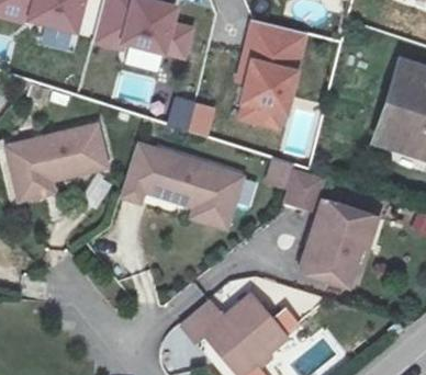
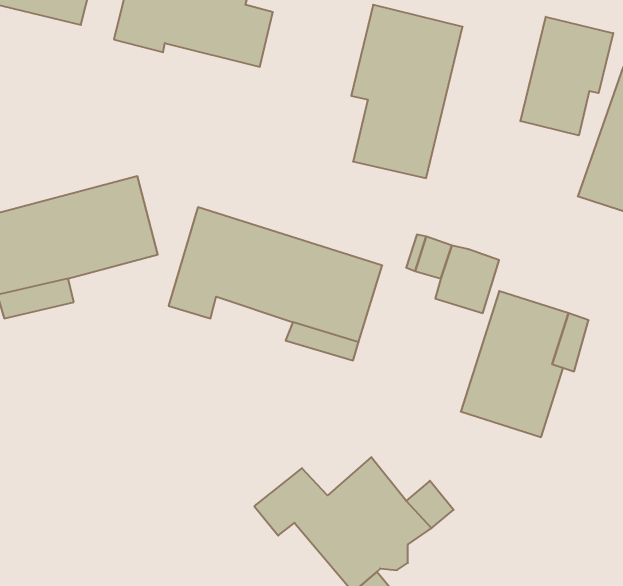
building: none -> [520,17,613,135]
building: [168,96,212,134] -> none

